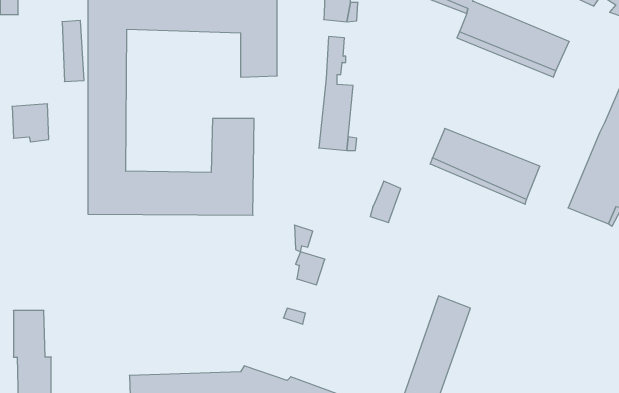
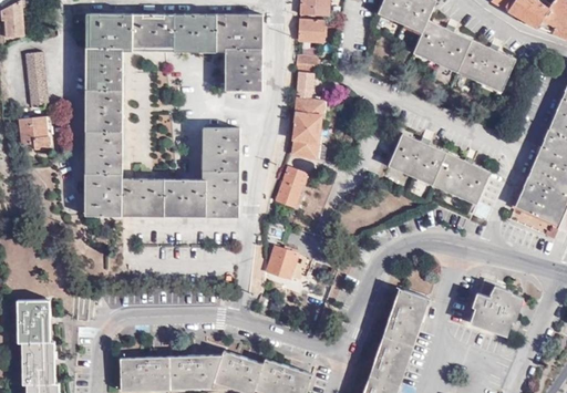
building: [62,20,84,82] -> [25,51,45,106]
building: [370,181,401,223] -> [280,168,308,206]
building: none -> [471,282,520,337]

